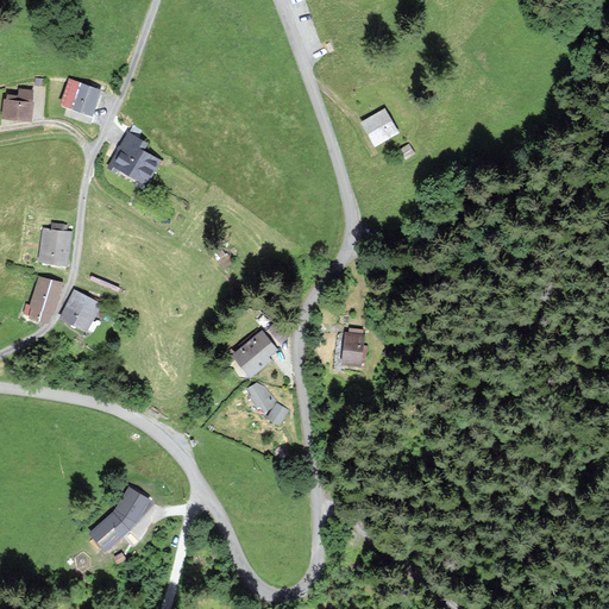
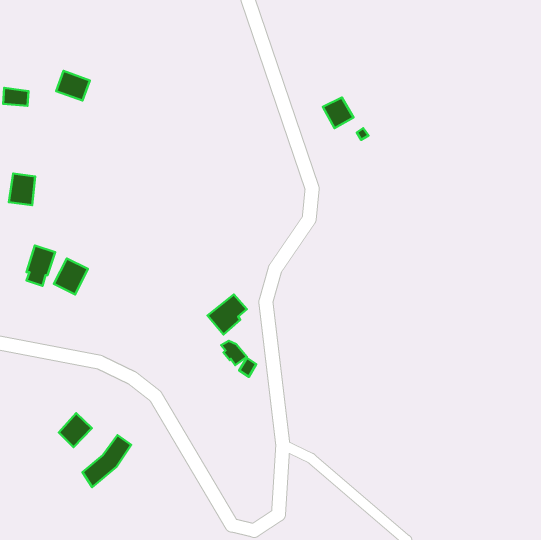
building: [108,133,157,181] -> none
building: [39,228,69,264] -> [9,173,35,205]
building: [344,333,364,364] -> none
building: none -> [59,413,92,447]

